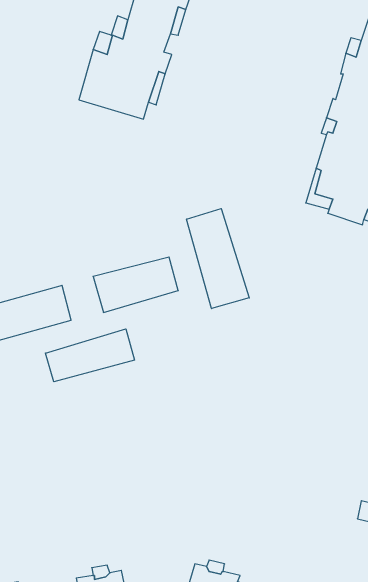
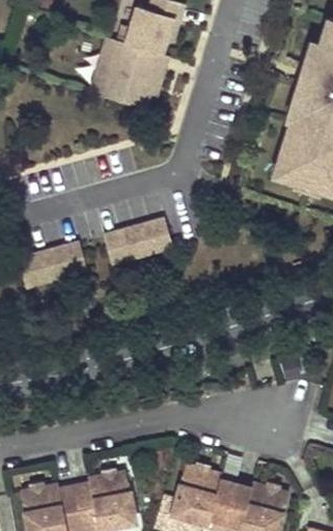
building: [187,209,249,309] -> none
building: [45,329,134,382] -> none

